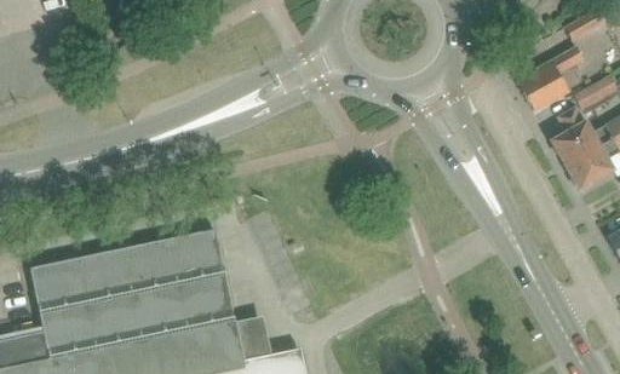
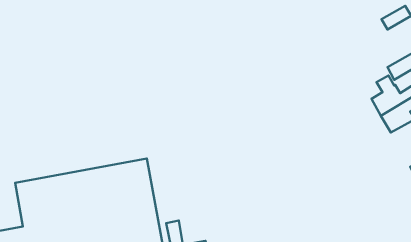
building: [512,47,578,114] -> none

